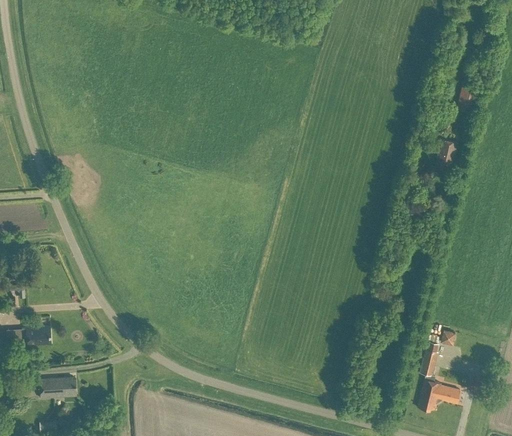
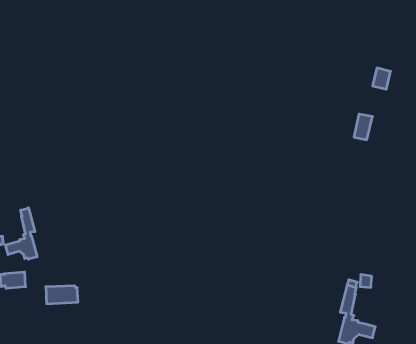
building: none -> [6,208,37,259]
building: [39,377,77,398] -> [46,286,78,304]

